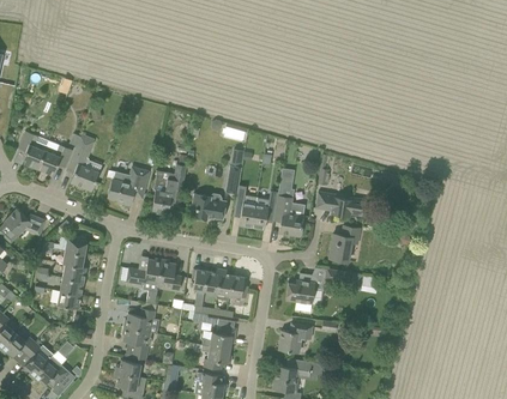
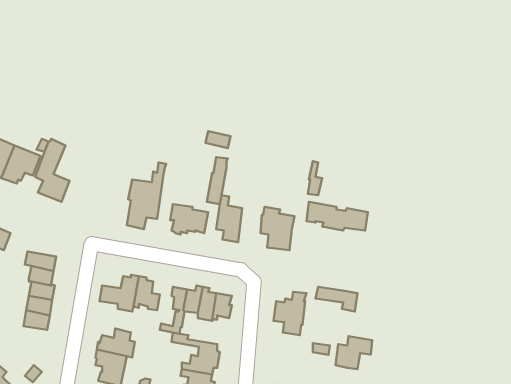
building: [108,167,150,205] -> none
building: [254,197,276,229] -> none
building: [330,225,361,261] -> none
building: [279,322,313,352] -> [335,336,372,369]

